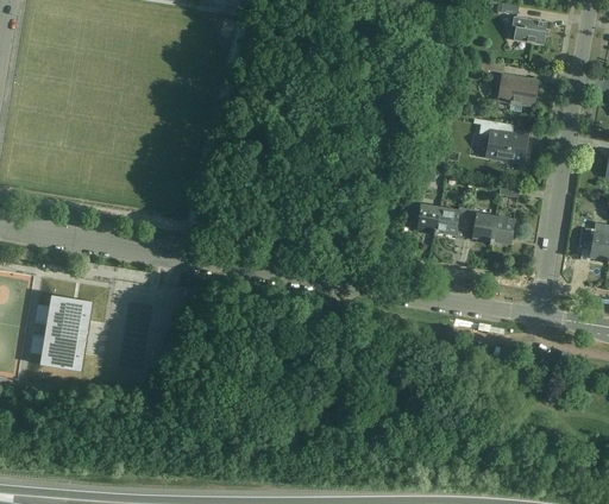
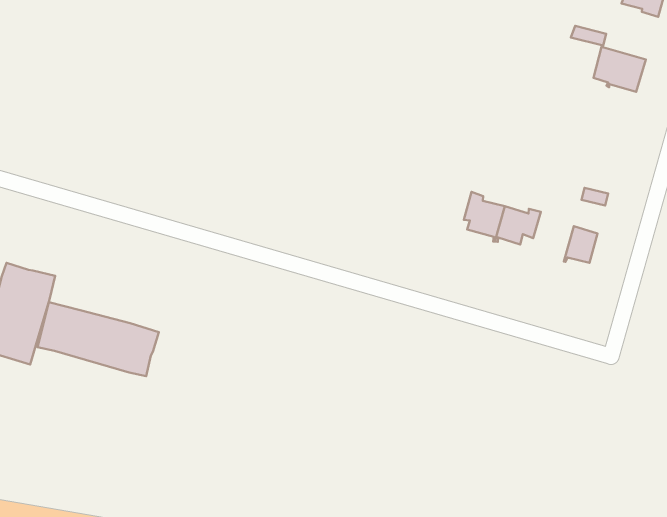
building: [472,116,526,159] -> none
building: [464,207,495,244] -> none
building: none -> [38,302,159,376]

